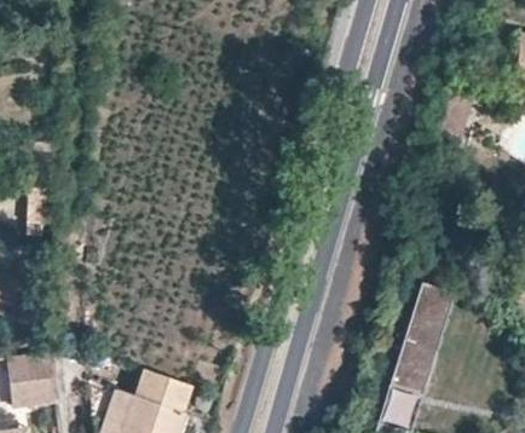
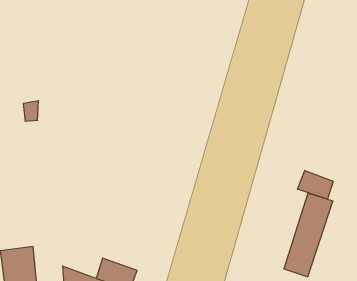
building: none -> [298,170,333,199]

